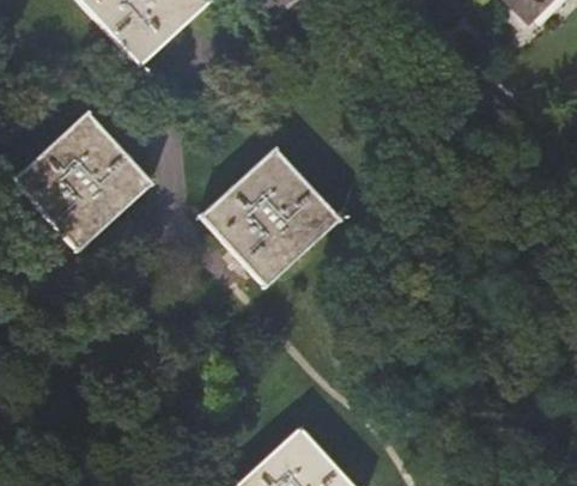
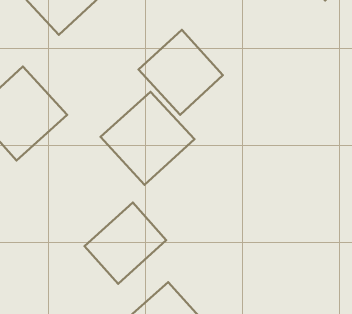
building: none -> [138,30,223,115]
building: none -> [84,203,166,284]

